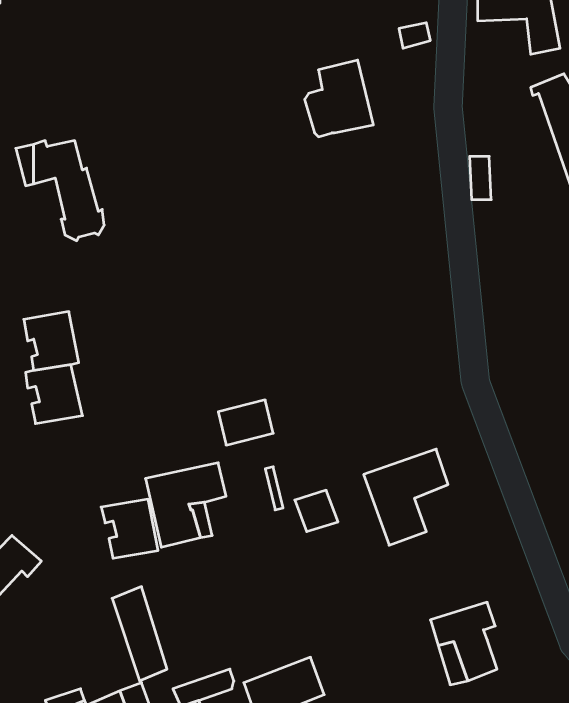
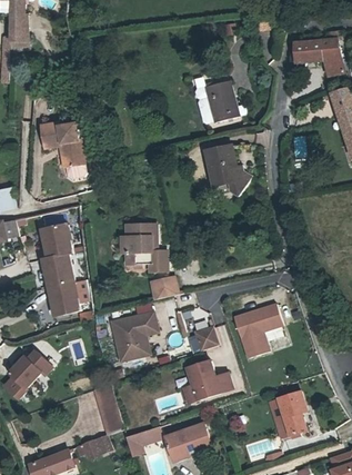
building: none -> [208,147,254,198]
building: none -> [120,224,165,271]
building: [101,499,158,558] -> [48,283,80,316]
building: none -> [181,359,231,402]

